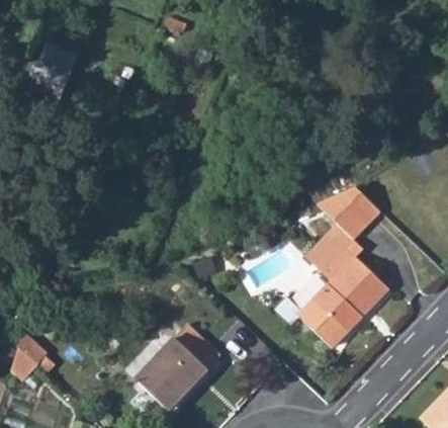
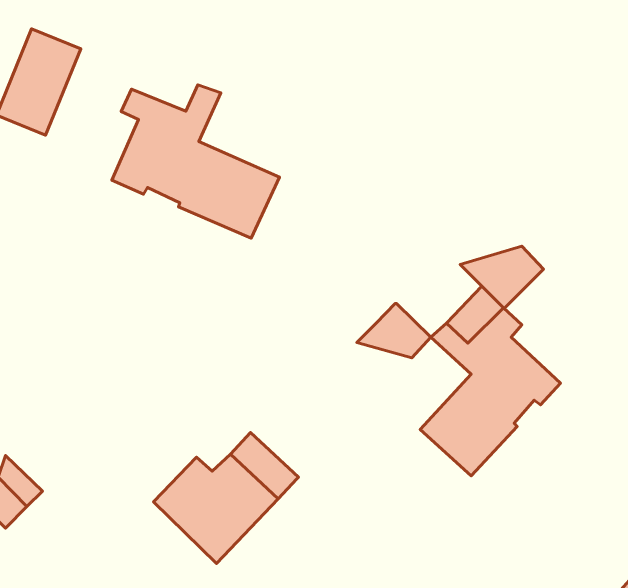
building: none -> [112,85,280,238]
building: none -> [357,304,431,358]

